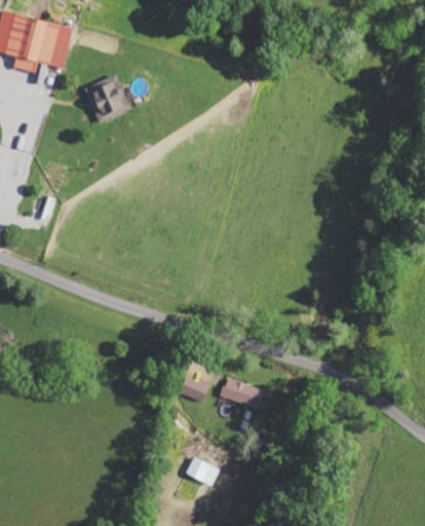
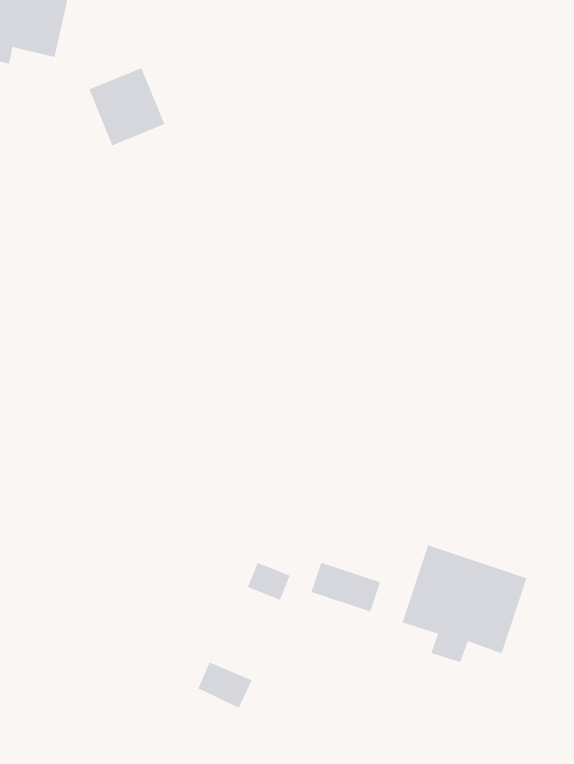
building: none -> [402,545,527,663]
building: [186,457,220,486] -> [197,662,252,708]

